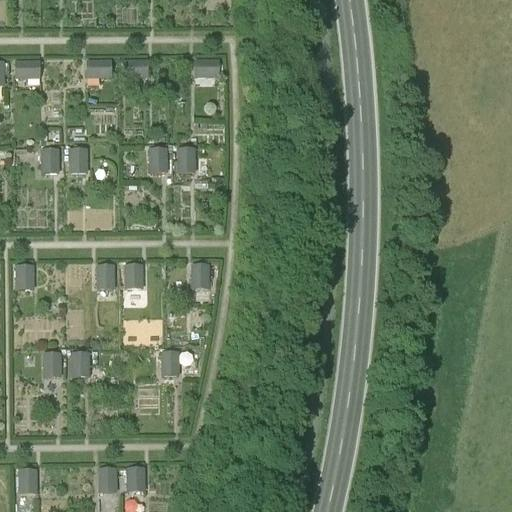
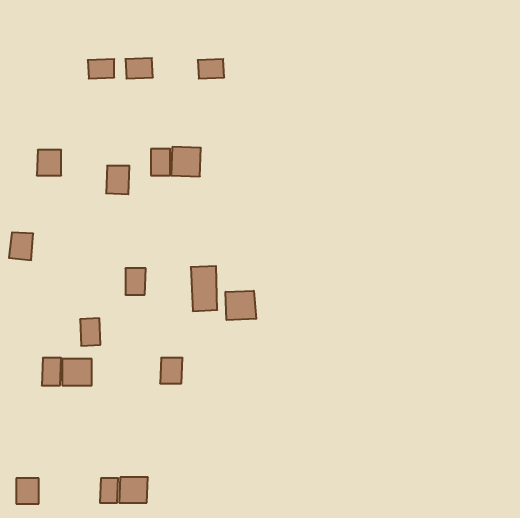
building: [15,57,41,78] -> none
building: [66,145,89,173] -> [106,166,129,194]
building: [95,262,115,289] -> [80,318,100,346]
building: [13,263,37,290] -> [9,232,33,260]
building: none -> [226,291,256,320]

